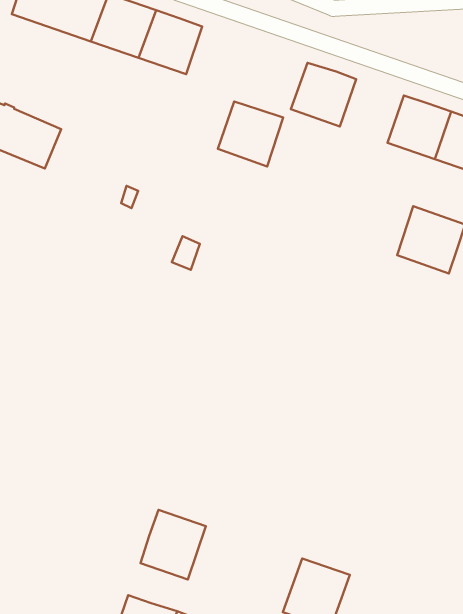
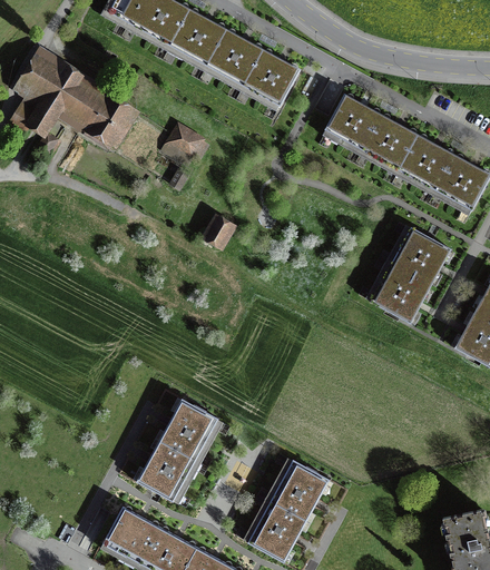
building: none -> [362,115,419,171]
building: [218,101,283,166] -> [243,50,301,108]
building: none -> [165,127,209,164]
building: none -> [370,265,431,324]
building: none -> [159,400,219,461]
building: none -> [271,460,330,521]

